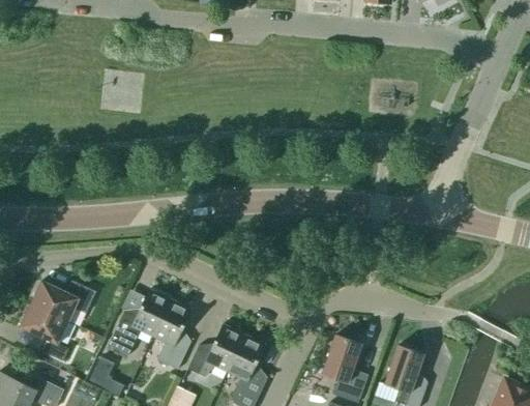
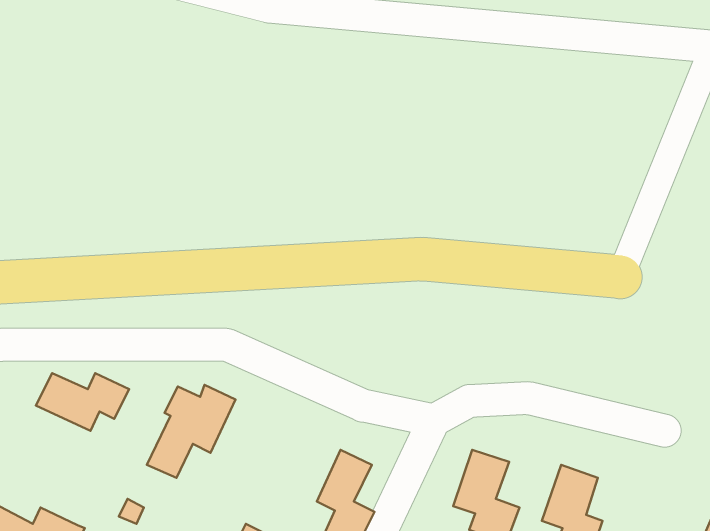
building: [153,299,193,370] -> none
building: [21,303,69,361] -> none
building: [188,324,244,377] -> none

